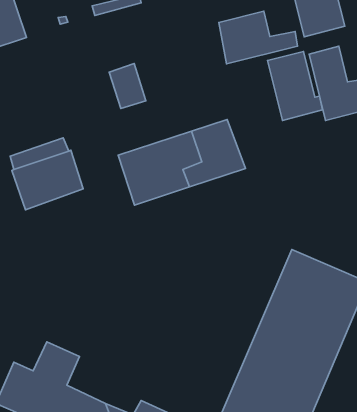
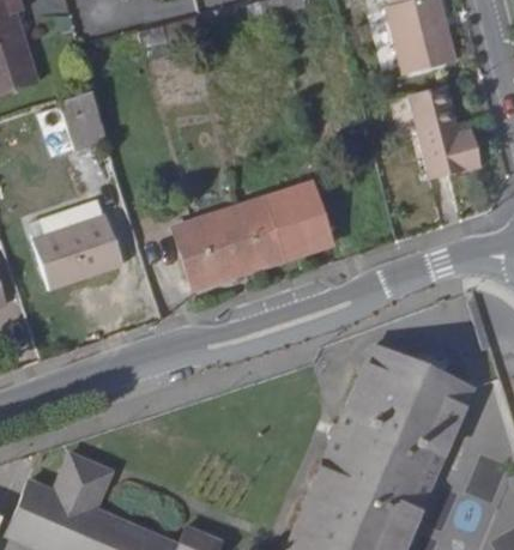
building: [219,11,297,64] -> none
building: [268,51,323,121] -> none
building: [109,63,146,109] -> [62,91,108,147]

